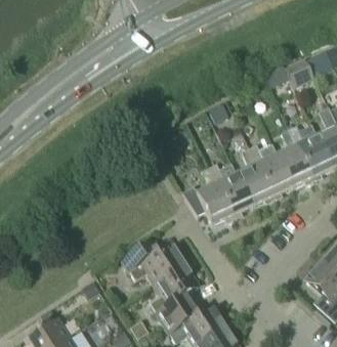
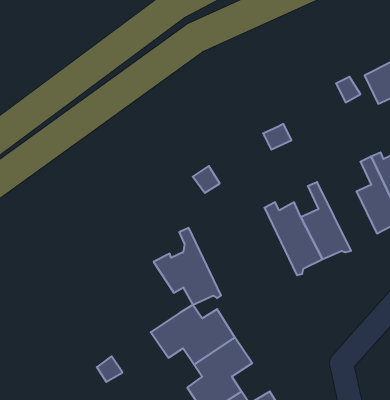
building: [249,142,294,200] -> none
building: [182,167,234,225] -> [154,228,221,305]

